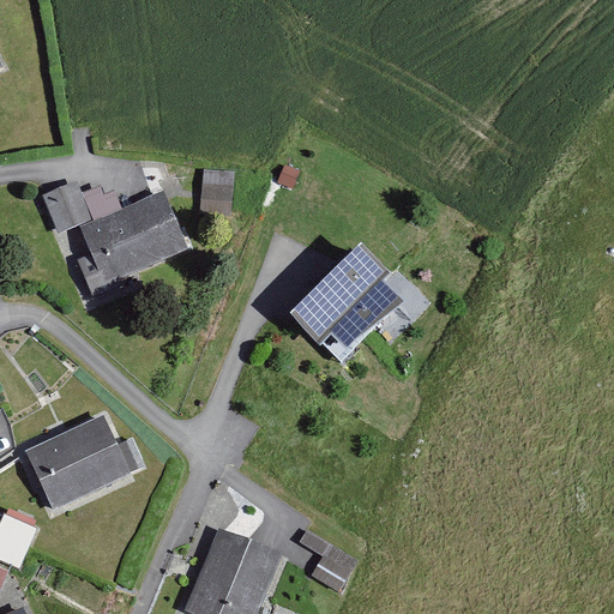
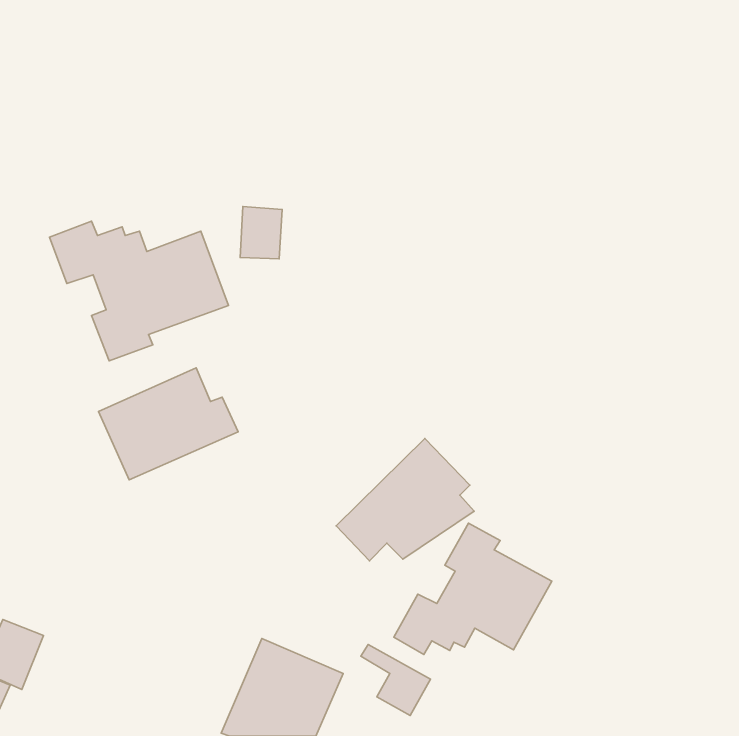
building: [294,246,408,347] -> [336,438,474,561]
building: [24,415,139,507] -> [99,368,238,480]
building: none -> [394,523,552,654]

